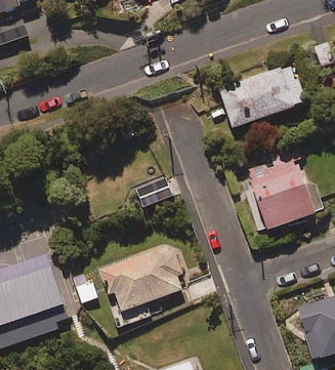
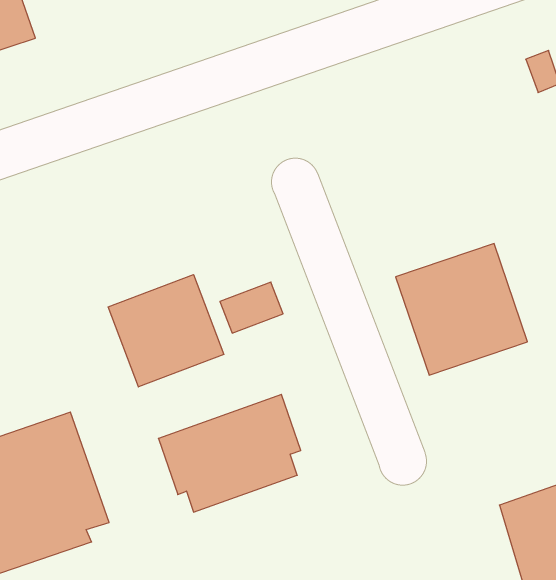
building: [219,64,306,127] -> none
building: none -> [108,275,224,387]

